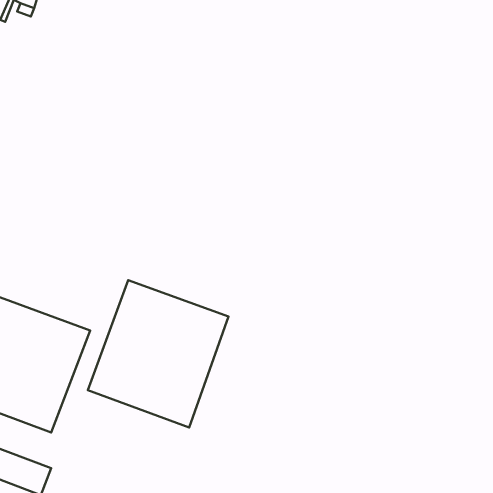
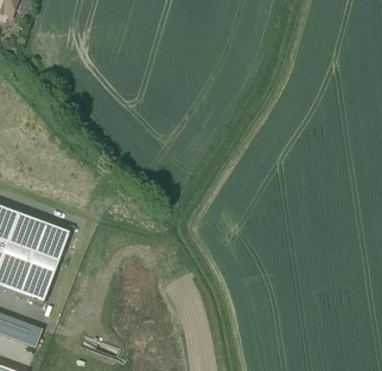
building: [88,280,229,427] -> none

